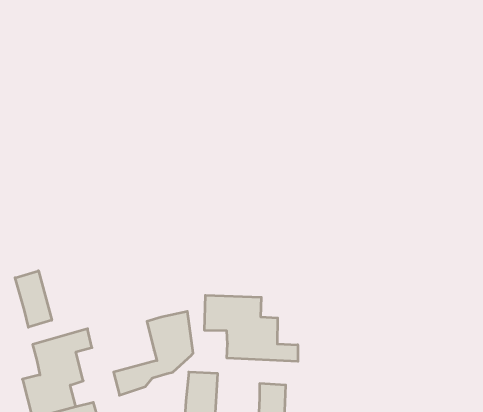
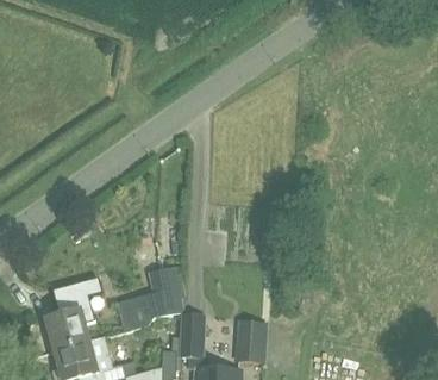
building: [15,271,52,327] -> none
building: [205,295,298,361] -> none

